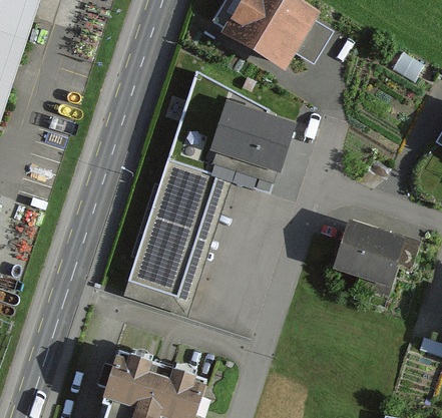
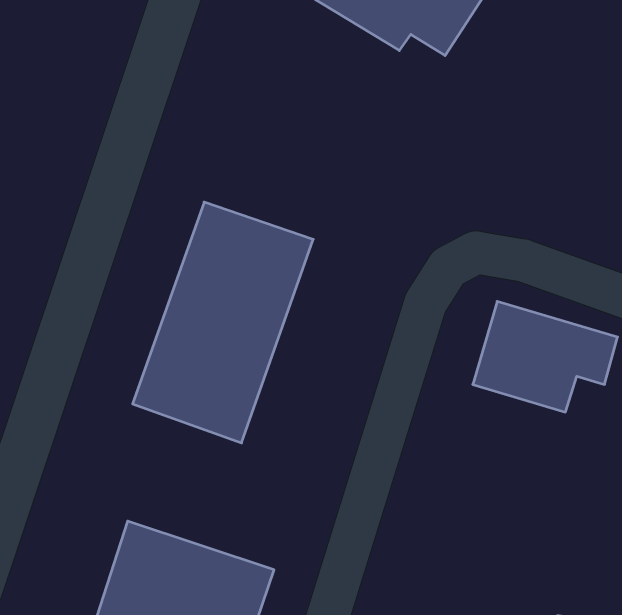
building: [167,69,292,193] -> none

